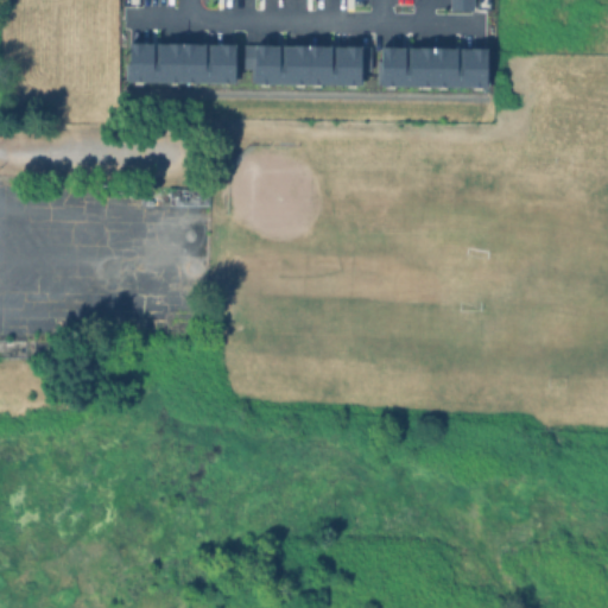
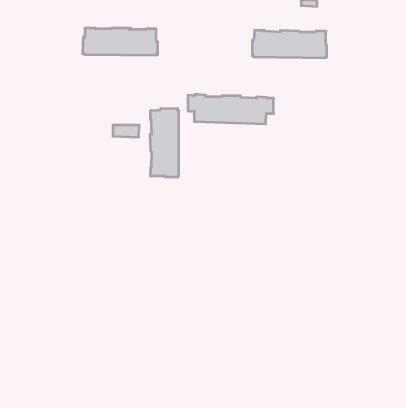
building: [245,44,372,88] -> [188,94,274,124]
building: none -> [150,108,178,177]

